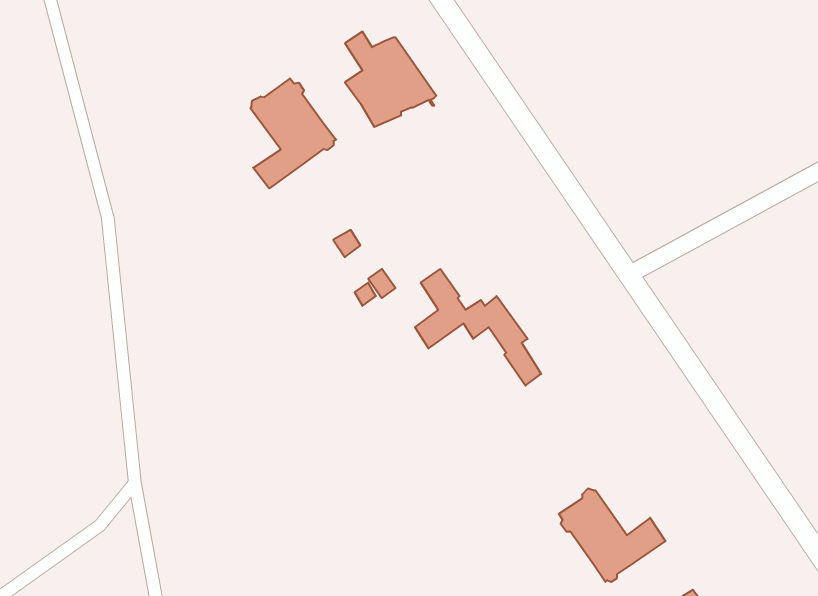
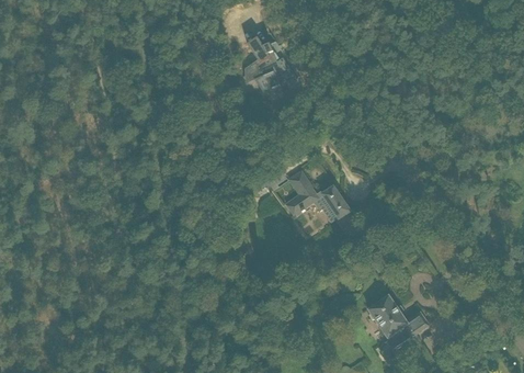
building: [251,78,336,188] -> none

